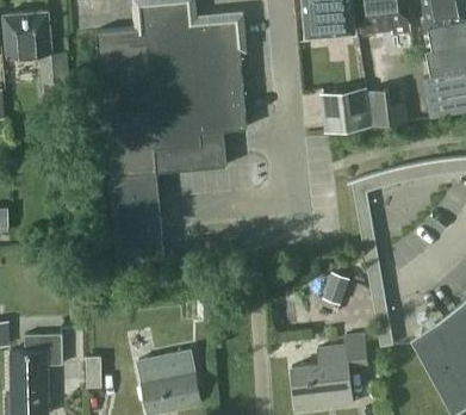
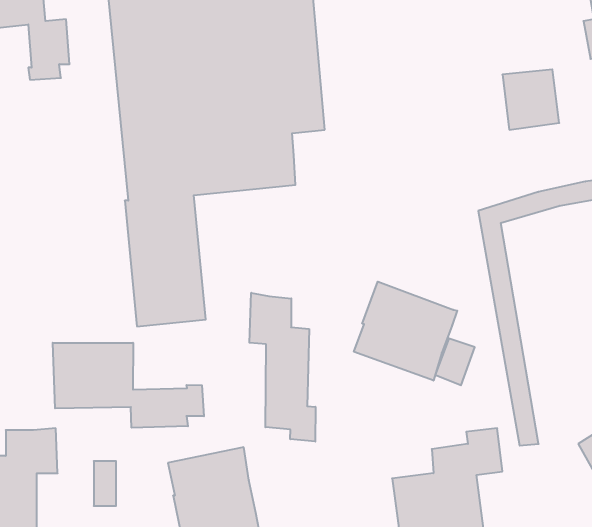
building: [318,87,371,134] -> none
building: none -> [354,282,457,381]
building: none -> [249,293,315,442]
building: none -> [53,343,204,428]

